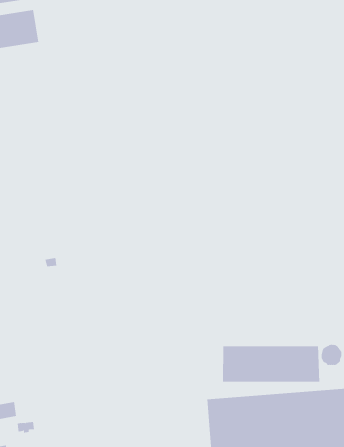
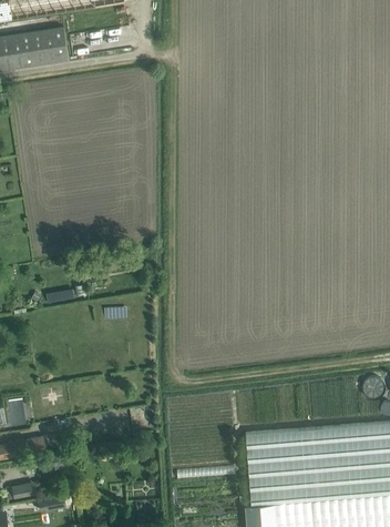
building: [222,345,320,382] -> none

